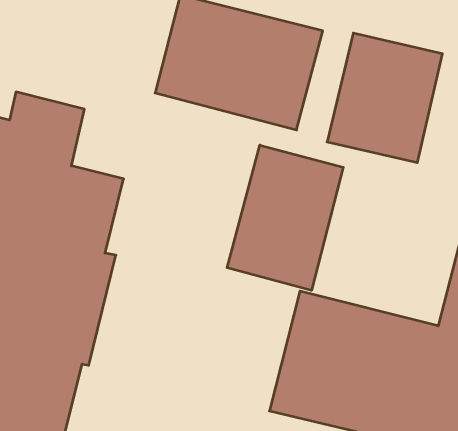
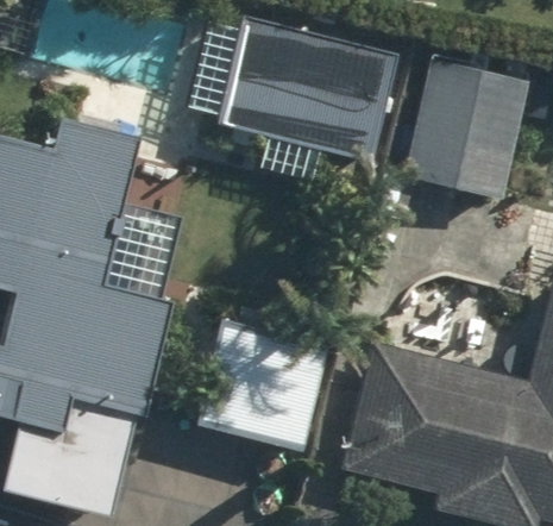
building: [227,145,343,290] -> none
building: none -> [193,321,327,452]

